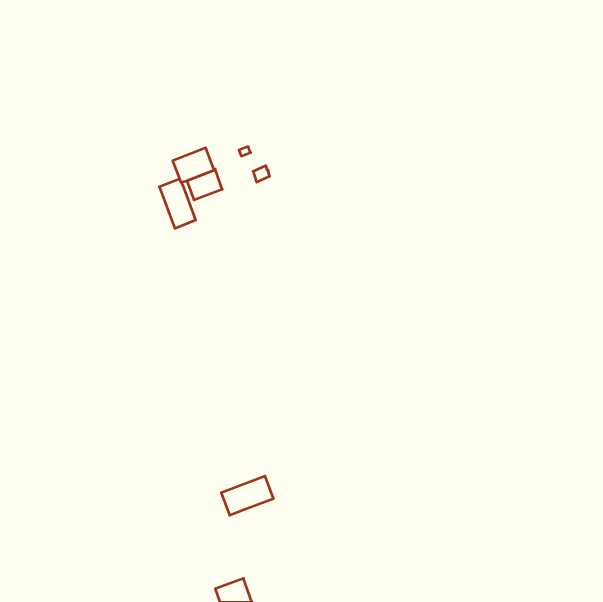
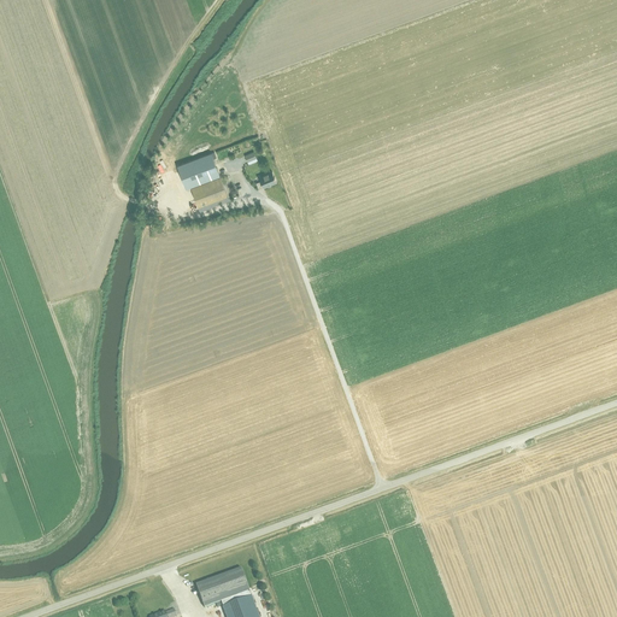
building: [159,179,196,228] -> none
building: [221,476,273,515] -> [195,566,248,606]

